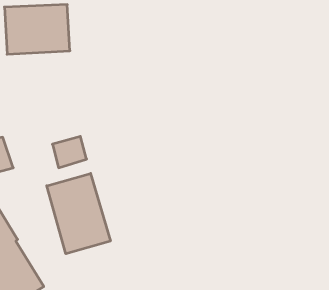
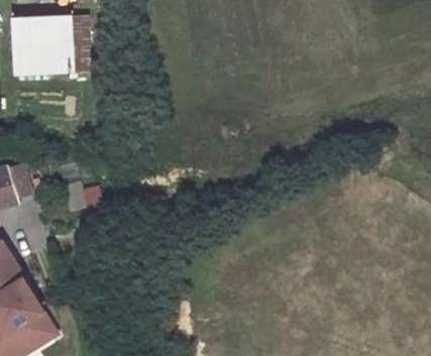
building: [47,173,110,254] -> none

